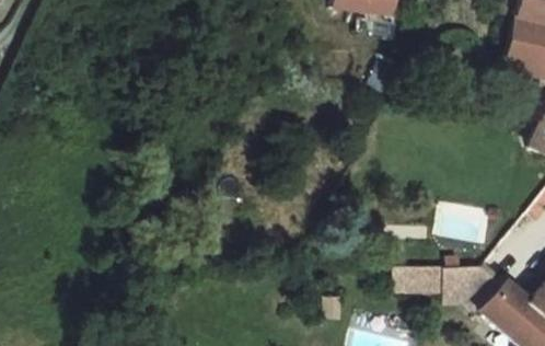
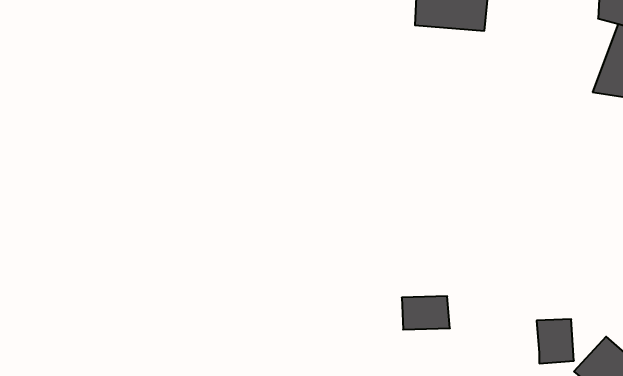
building: [413,265,452,292] -> [402,296,450,330]

